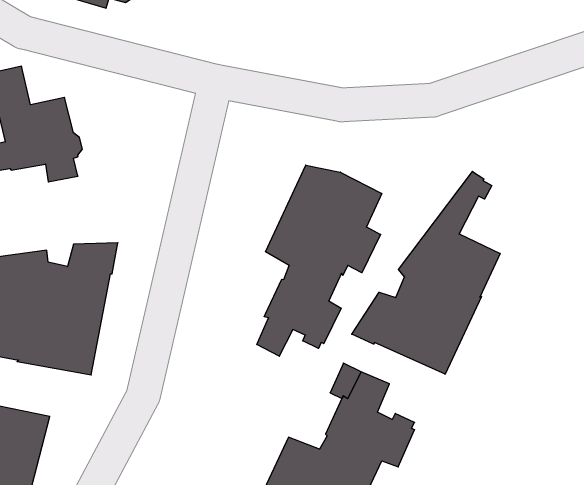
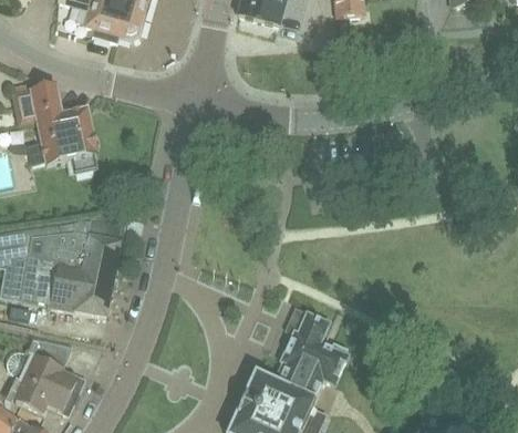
building: [257,165,382,356] -> none
building: [352,171,500,374] -> none

